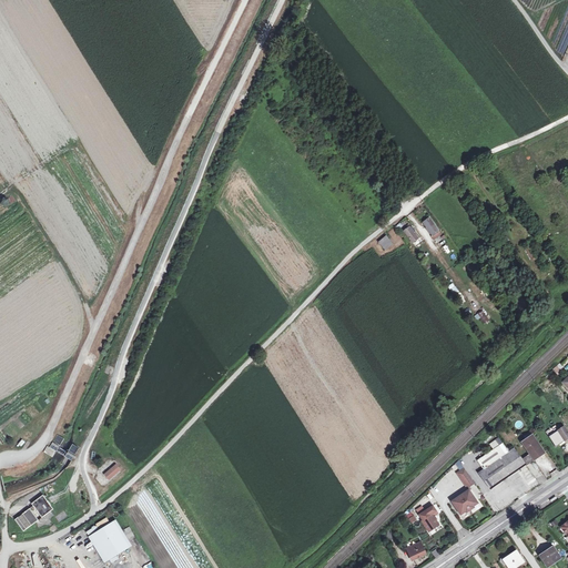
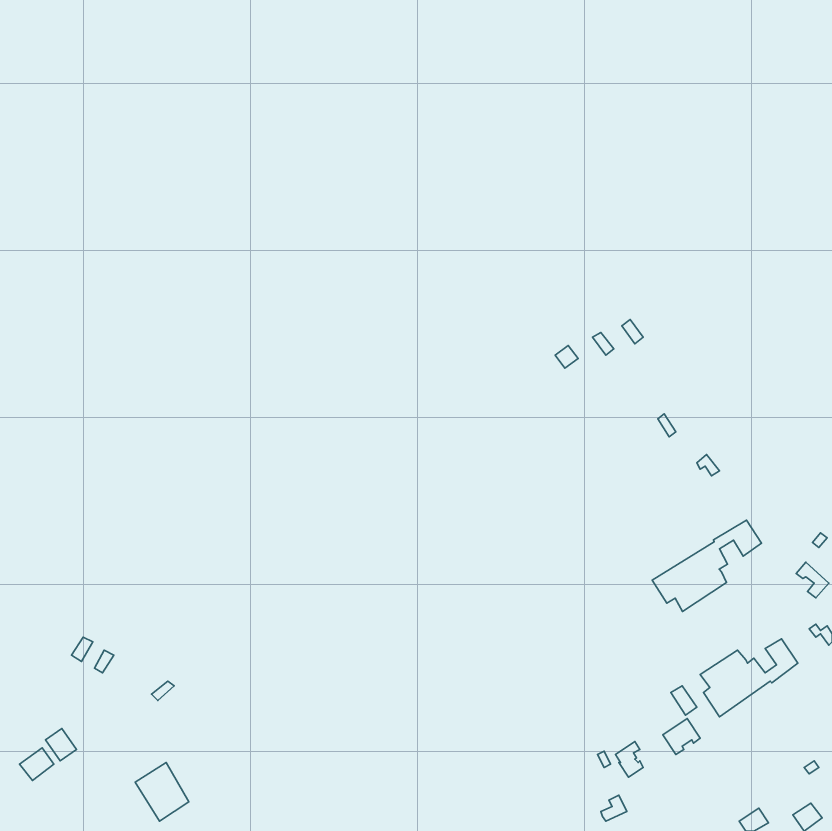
building: none -> [652,520,761,612]

